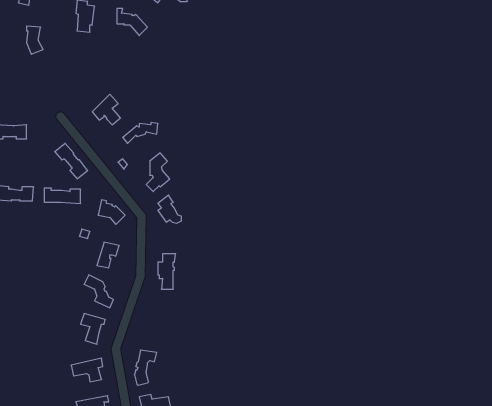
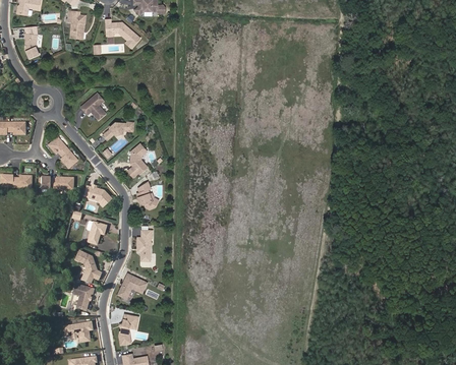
building: none -> [118,271,149,299]

